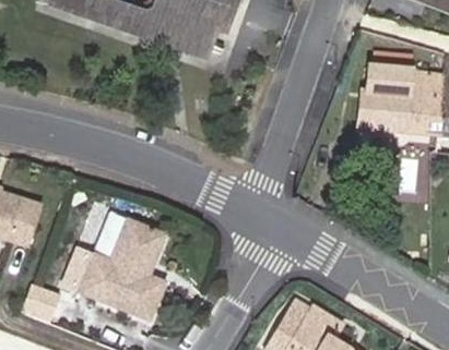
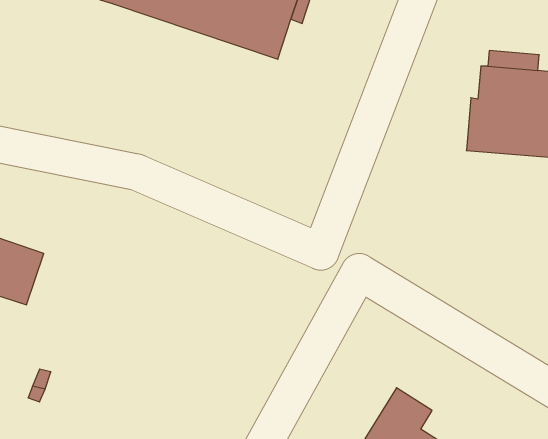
building: [76,212,164,319] -> none

